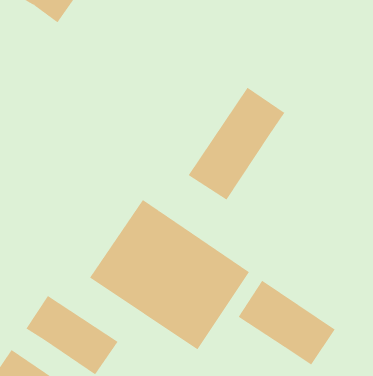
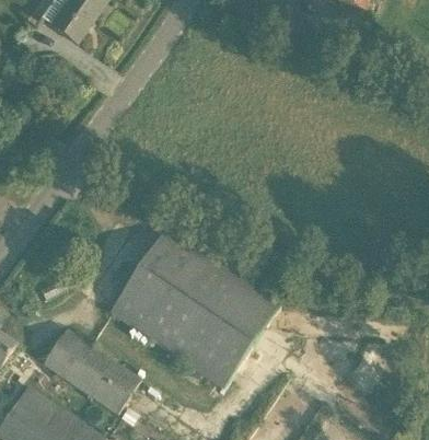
building: [188,87,285,201] -> none
building: [238,280,336,366] -> none

